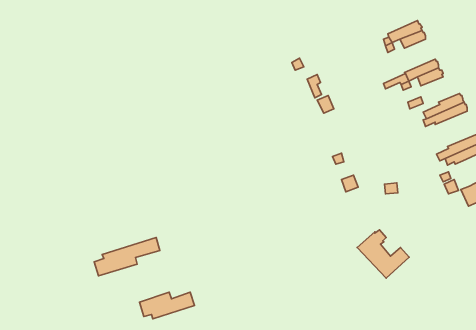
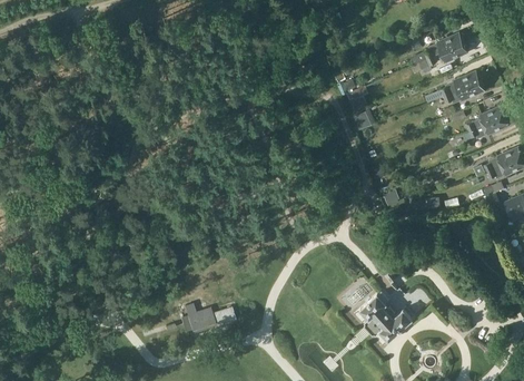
building: [357,230,409,278] -> [360,291,413,340]
building: [94,238,160,276] -> none

